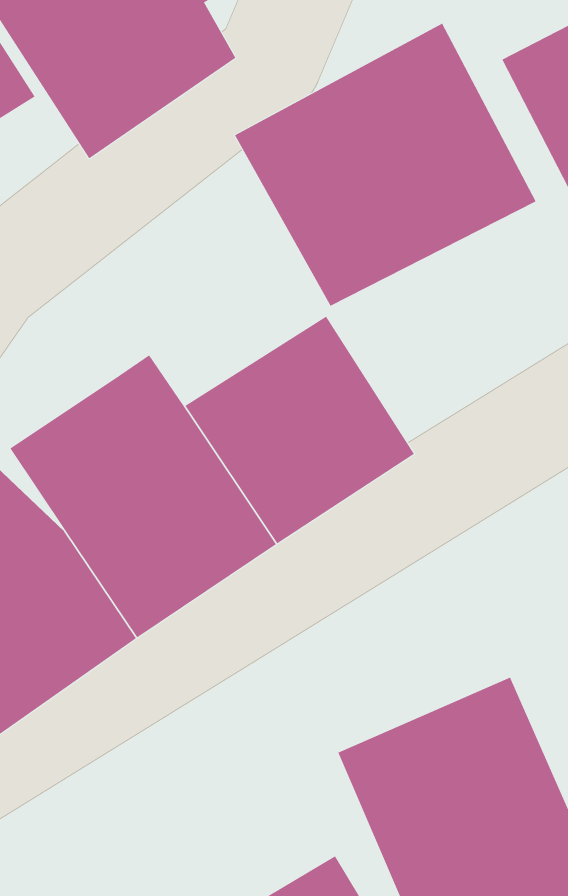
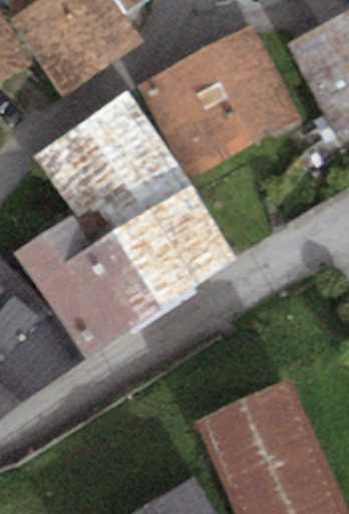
building: none -> [32,89,190,231]

